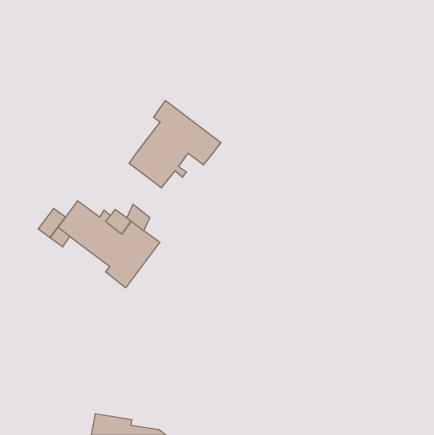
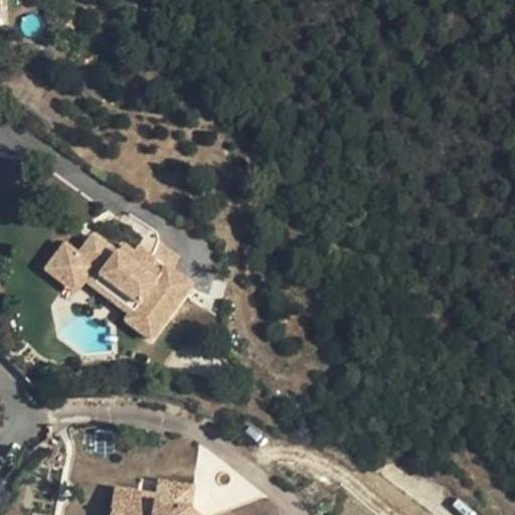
building: [129,101,221,188] -> none

